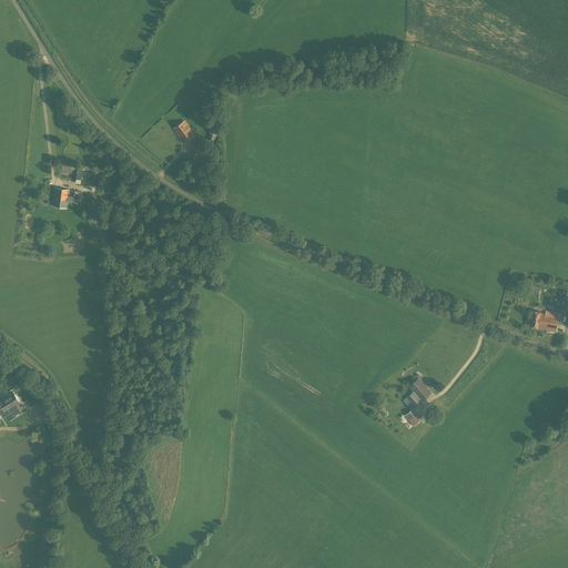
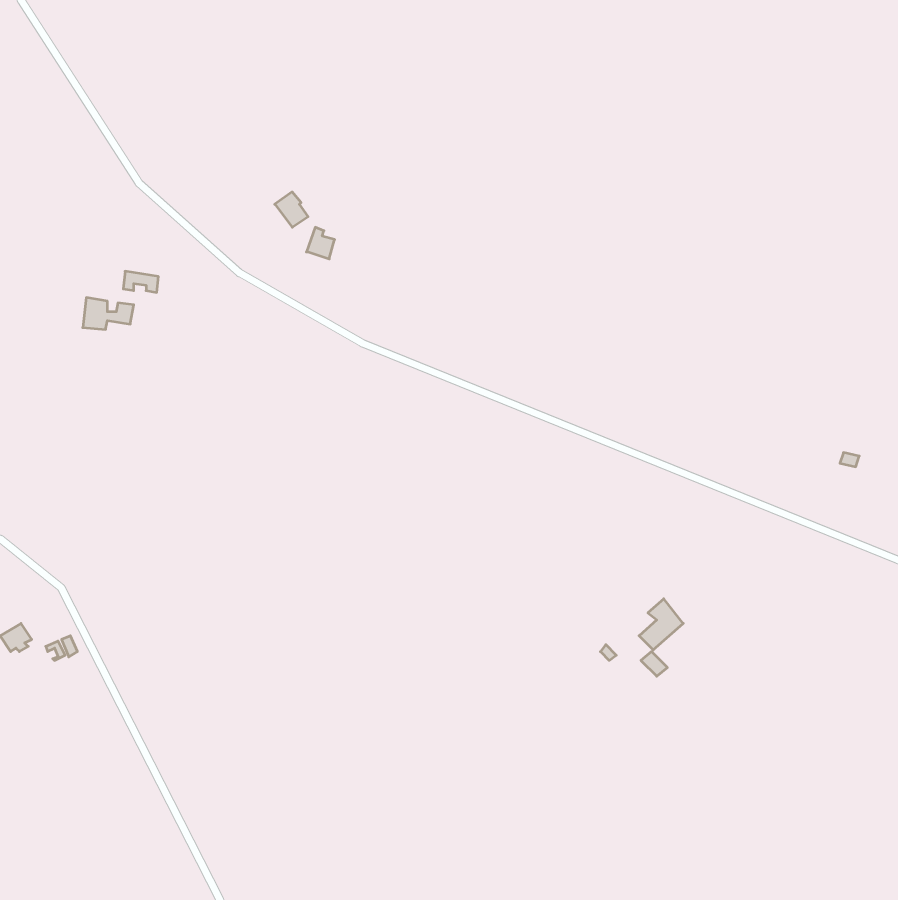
building: [532,310,561,332] -> none

